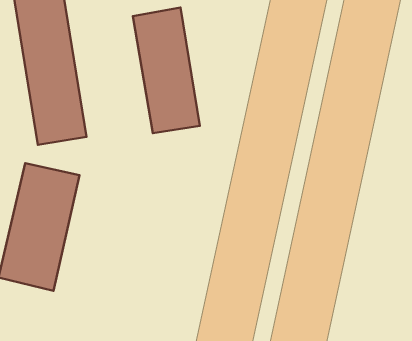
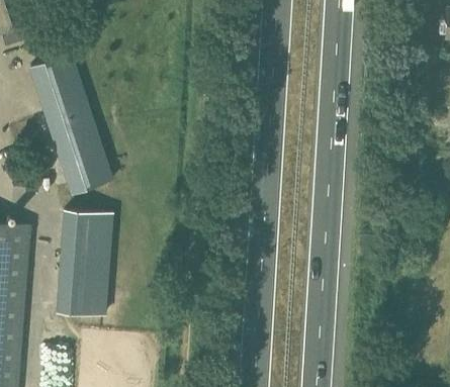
building: [133,7,200,133] -> none

